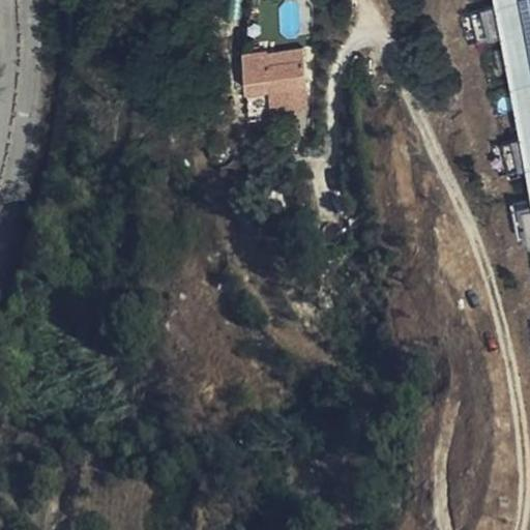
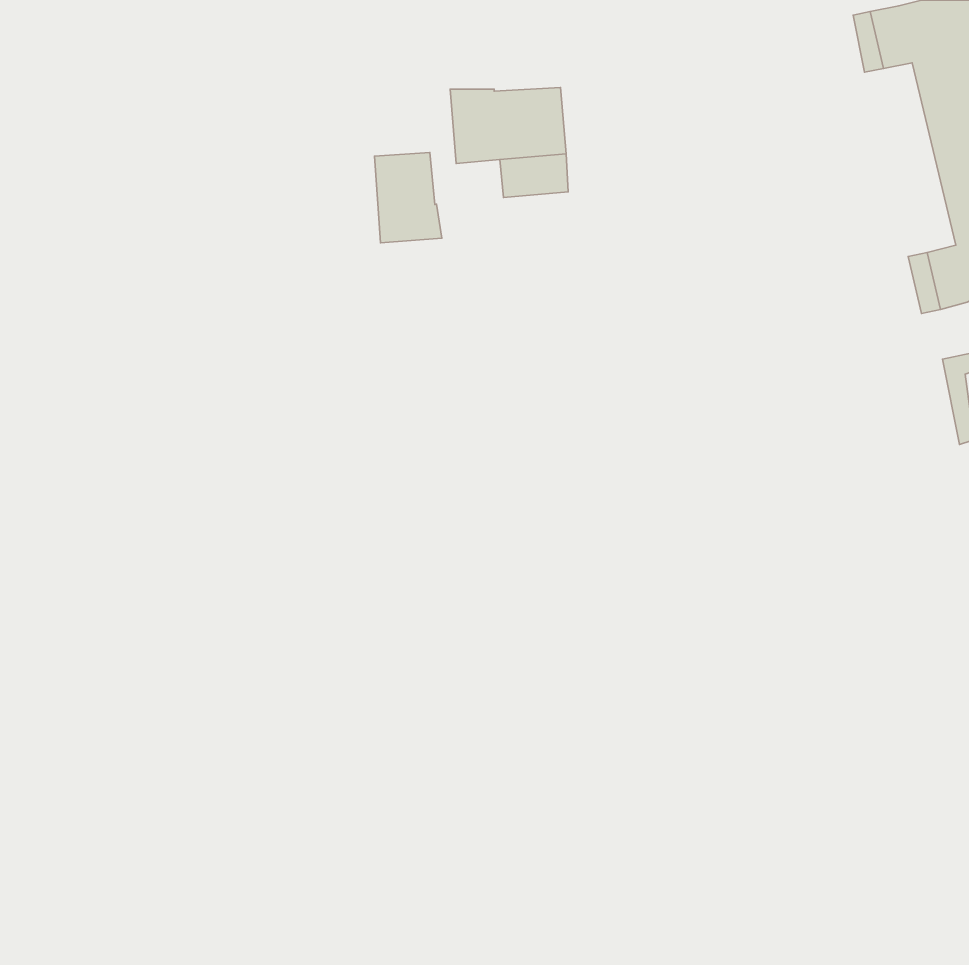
building: none -> [375,152,442,243]

